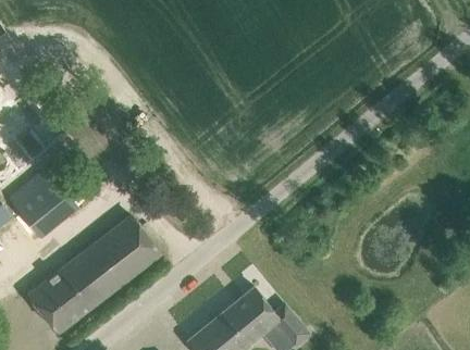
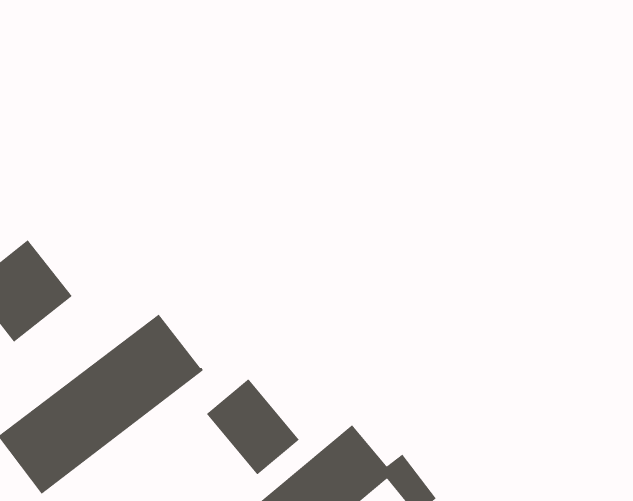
building: none -> [206,378,300,476]

